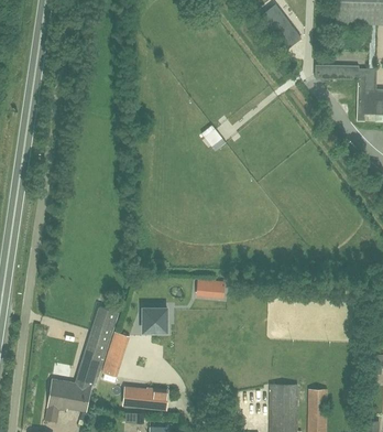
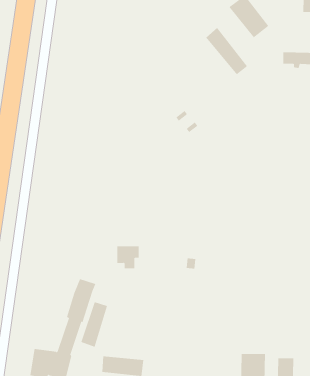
building: none -> [206,27,248,75]
building: [143,306,167,331] -> [117,246,139,269]

